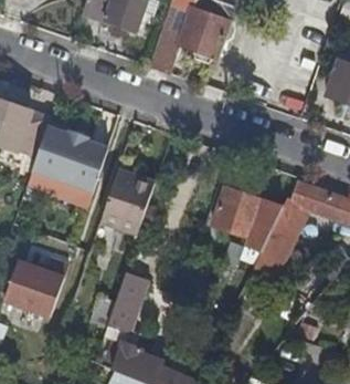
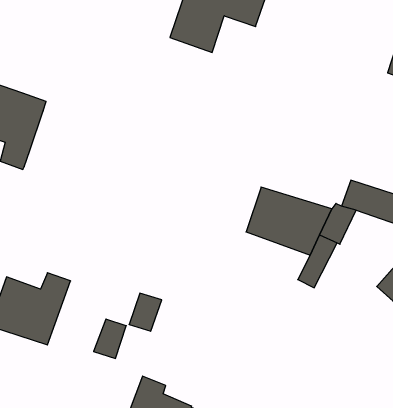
building: [32,126,107,193] -> none
building: [100,169,156,235] -> none

